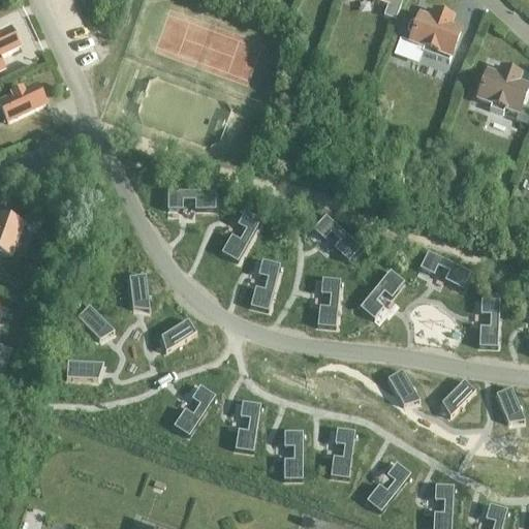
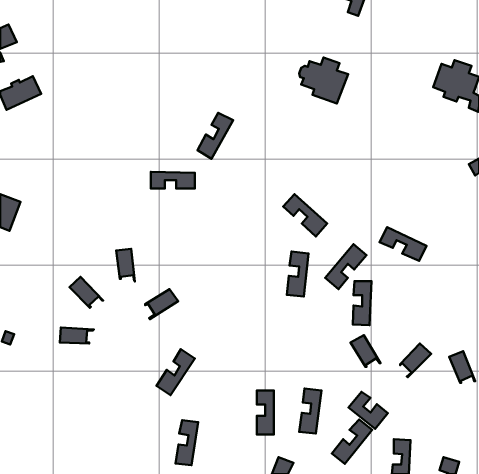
building: [407,9,461,60] -> [299,57,348,103]
building: [221,210,260,260] -> [197,113,233,159]
building: [249,258,279,310] -> none
building: [478,298,499,346] -> [353,281,371,325]
building: [235,401,259,450] -> [176,420,198,465]
building: none -> [349,392,388,429]

